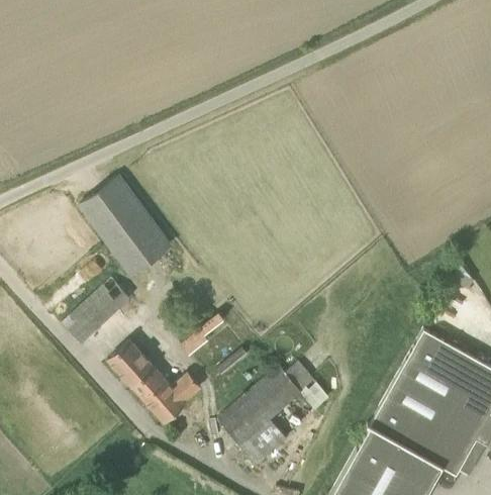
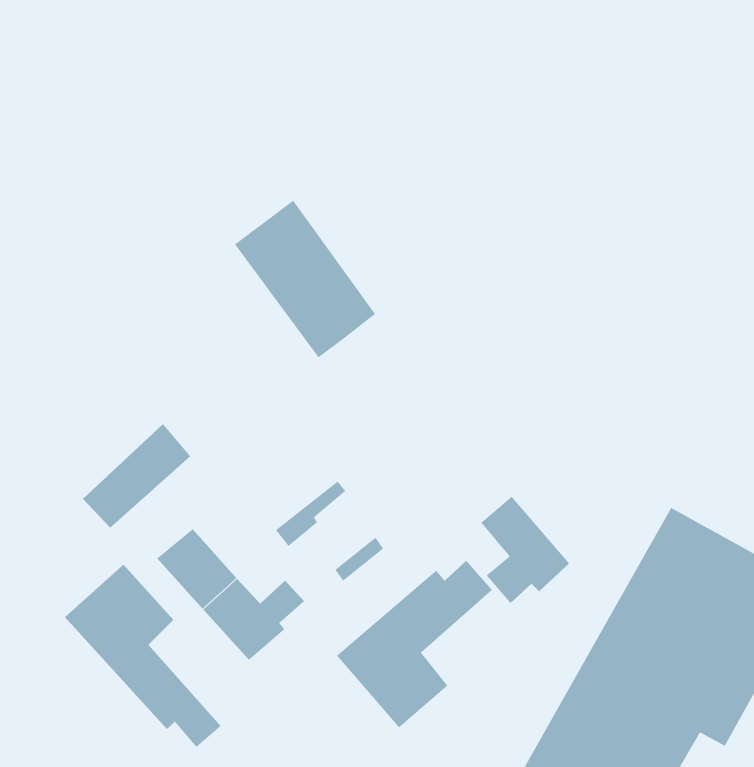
building: [81,178,168,275] -> [234,200,376,358]
building: none -> [480,496,570,604]
building: none -> [64,564,222,748]

